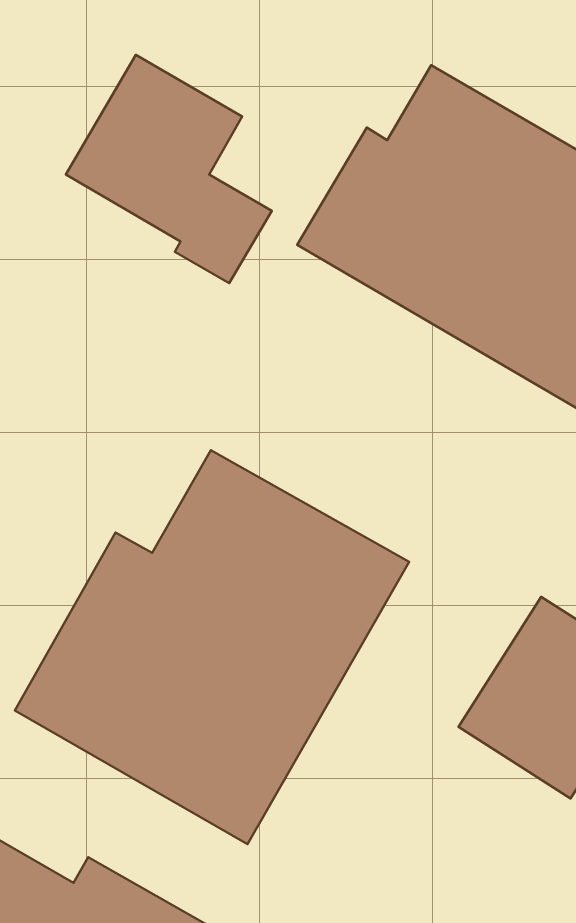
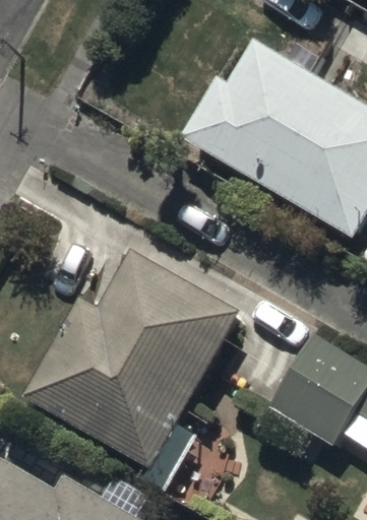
building: [66,55,272,283] -> none

